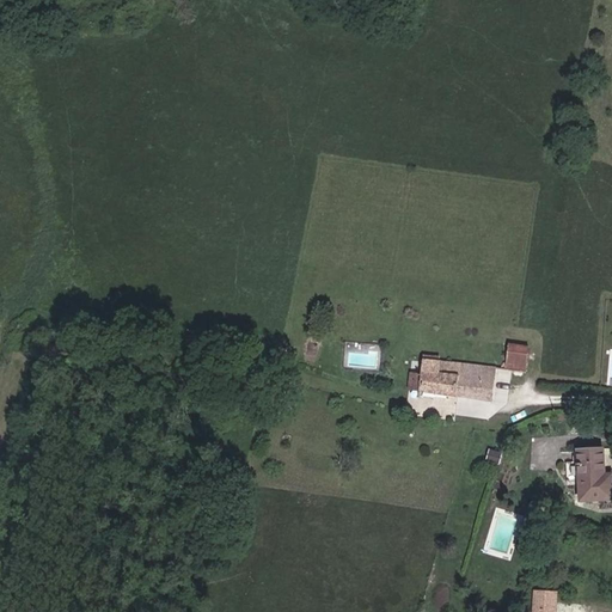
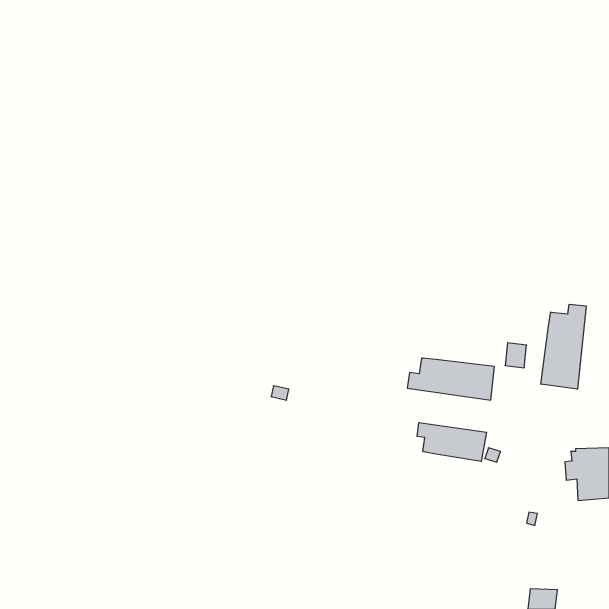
building: none -> [541,304,586,389]
building: none -> [417,423,486,462]

